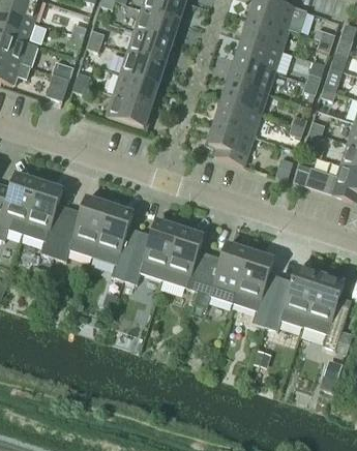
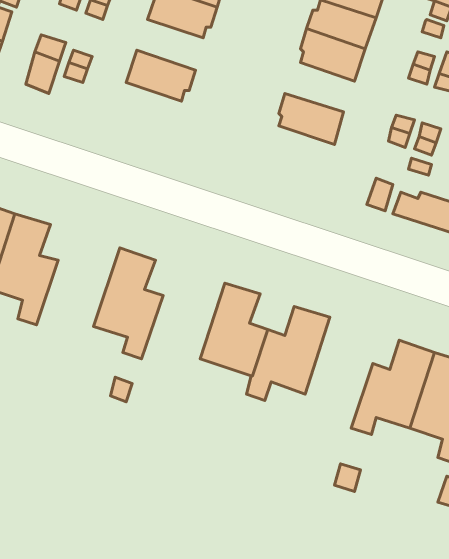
building: [121,50,166,84] -> none
building: [220,79,267,112] -> none
building: [107,92,151,127] -> none
building: [207,121,254,163] -> none
building: [54,196,110,259] -> none
building: [124,218,180,281] -> none
building: [234,249,279,324] -> none

